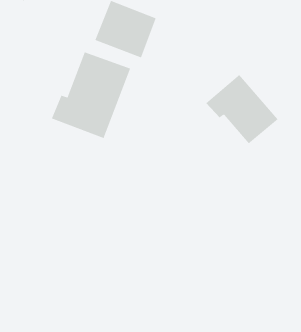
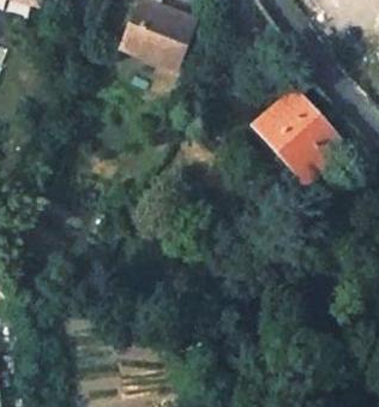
building: [51,51,131,139] -> none

